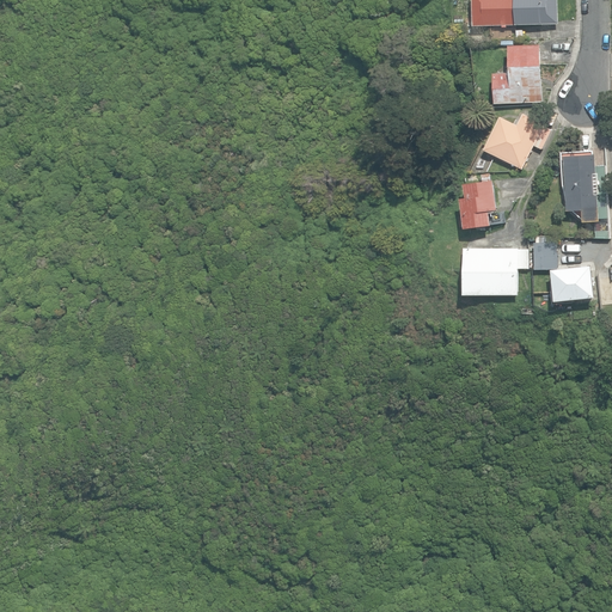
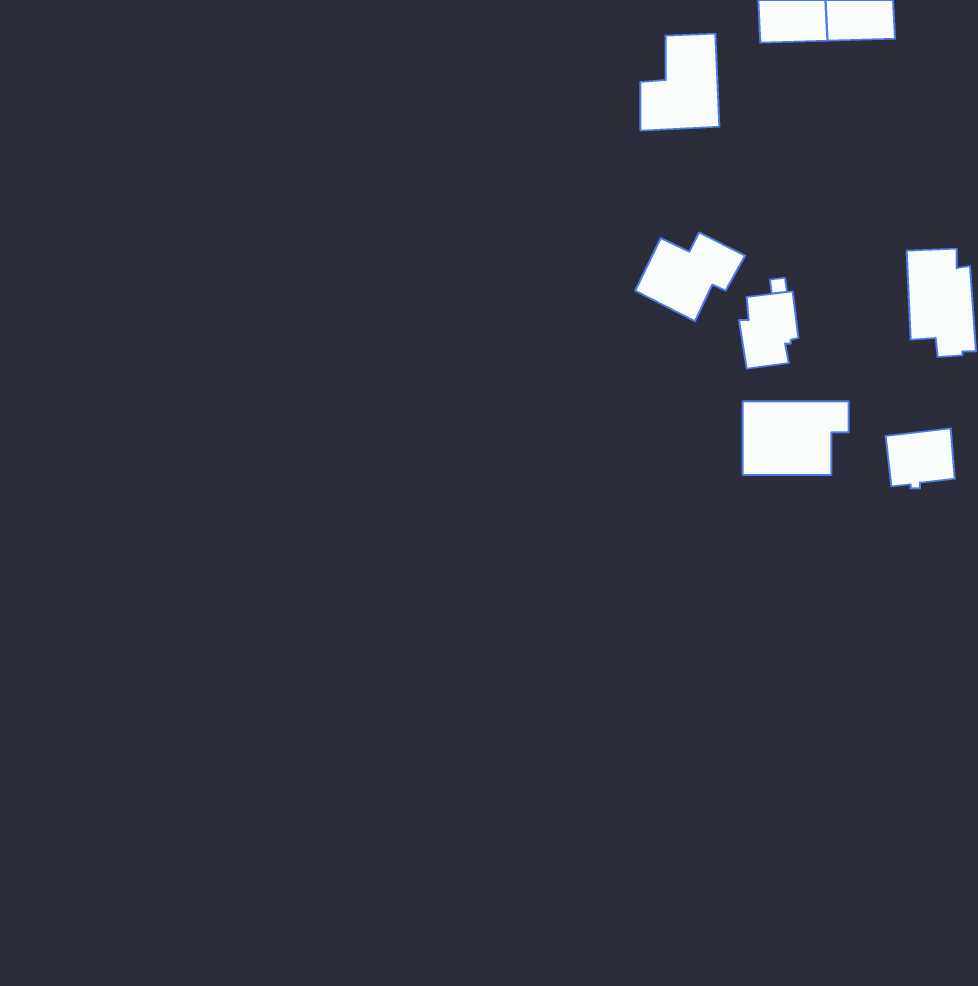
building: [491,44,540,104] -> [640,34,719,130]
building: [482,114,550,169] -> [635,233,745,321]
building: [531,241,555,269] -> none

